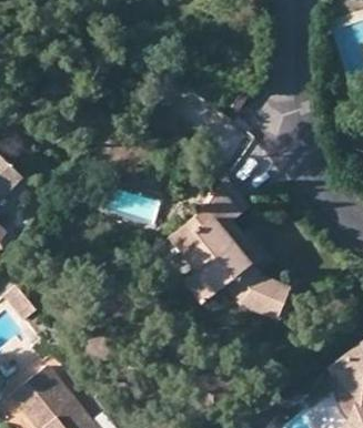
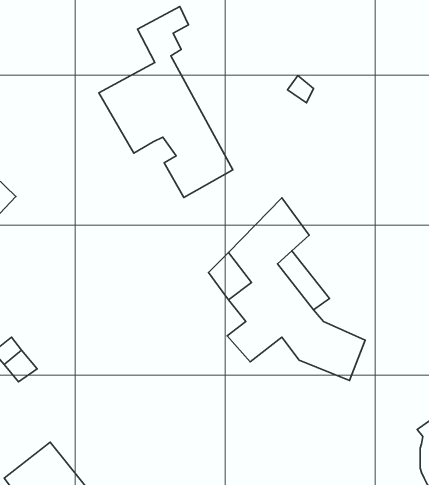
building: none -> [99,6,233,197]

